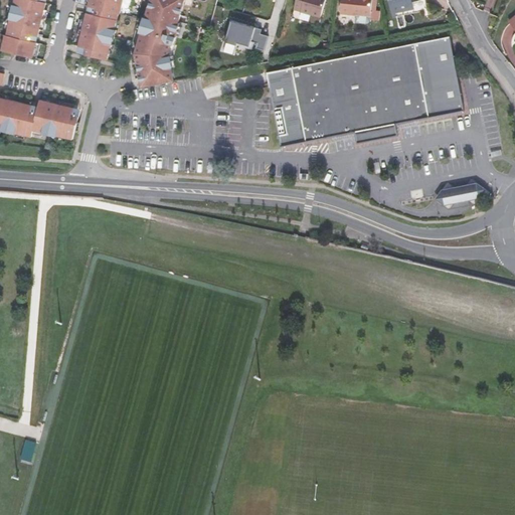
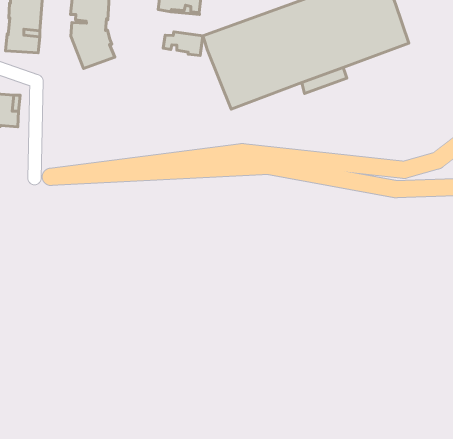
building: none -> [163,32,203,55]
building: [436,182,484,204] -> none

